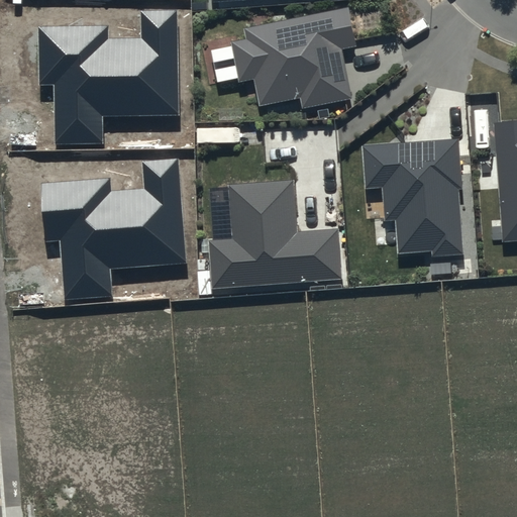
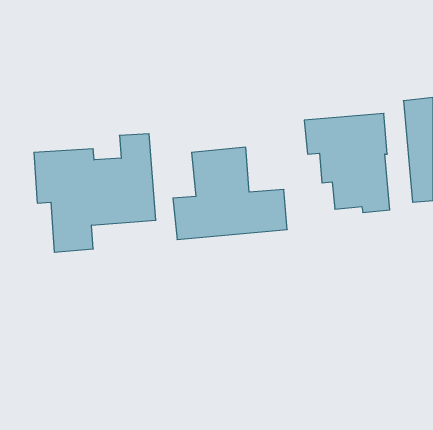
building: [231,7,356,108] -> none
building: [38,13,179,146] -> none

